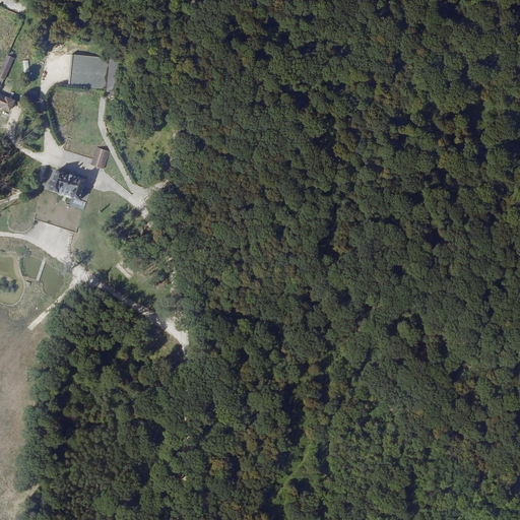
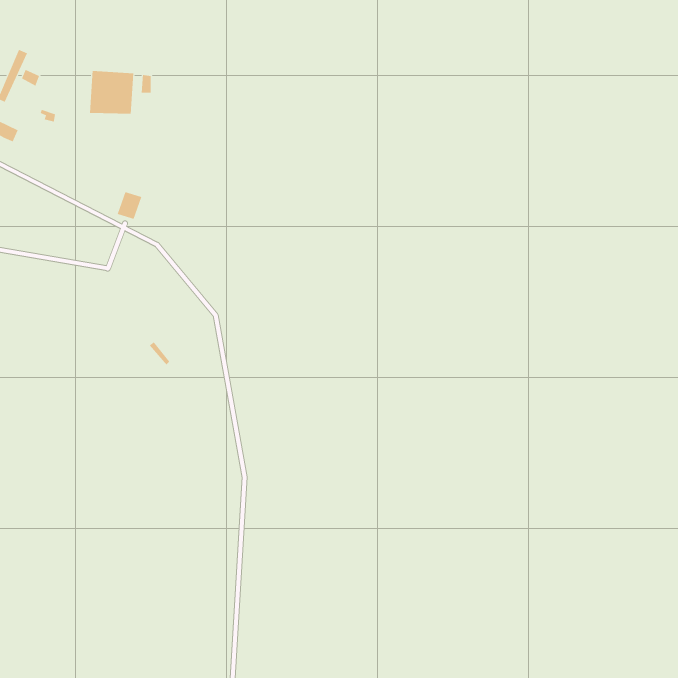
building: [49,169,86,199] -> none

